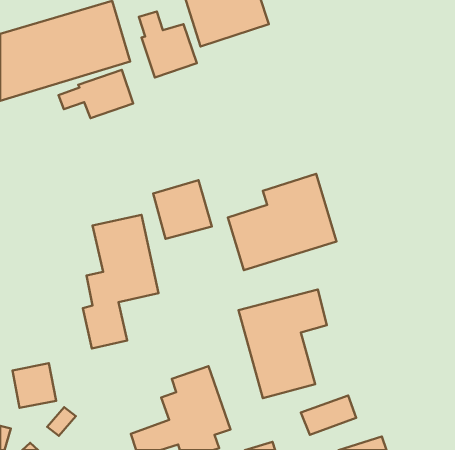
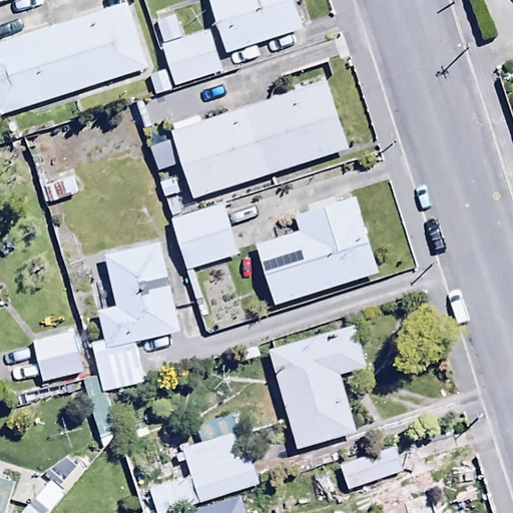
building: [58,70,133,118] -> none
building: none -> [168,81,348,197]
building: [12,363,56,408] -> [33,330,82,380]

